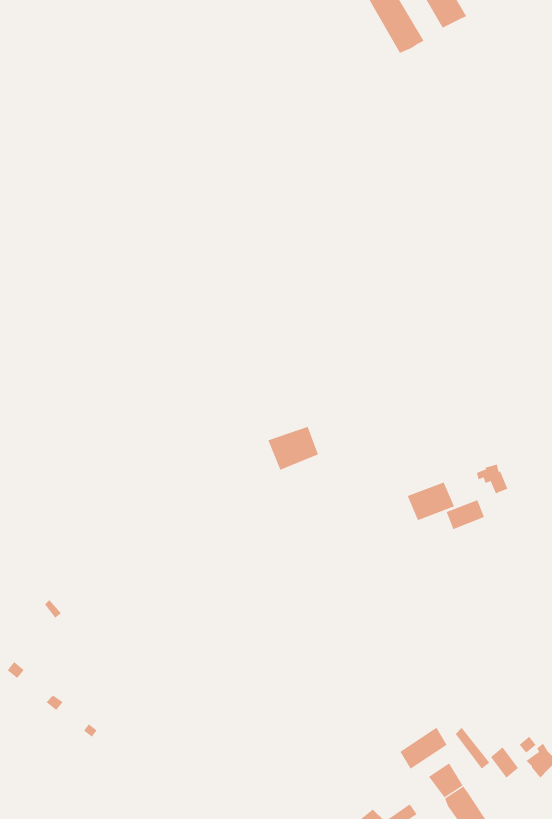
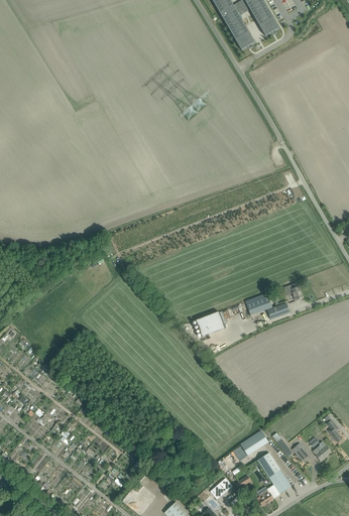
building: [267,426,319,470] -> [196,311,225,337]

